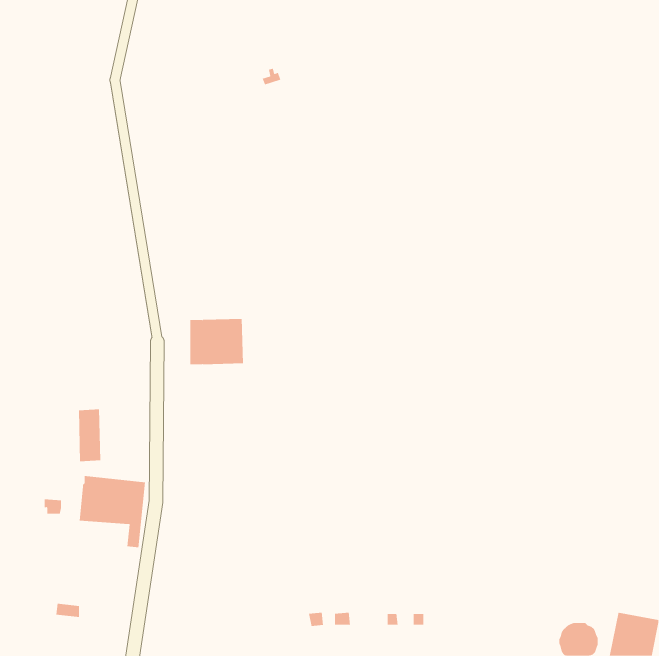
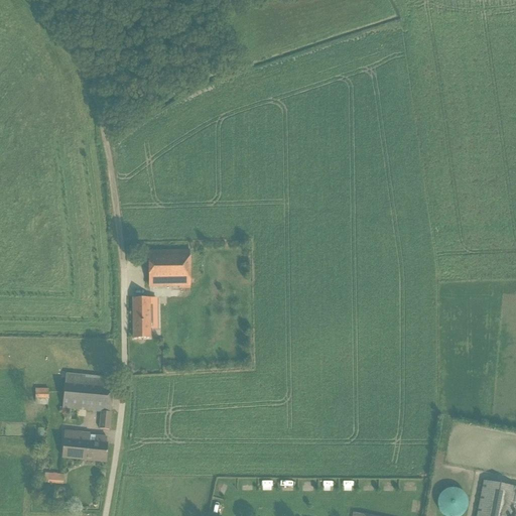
building: [78,409,101,462] -> [132,296,150,338]
building: none -> [61,429,108,461]

